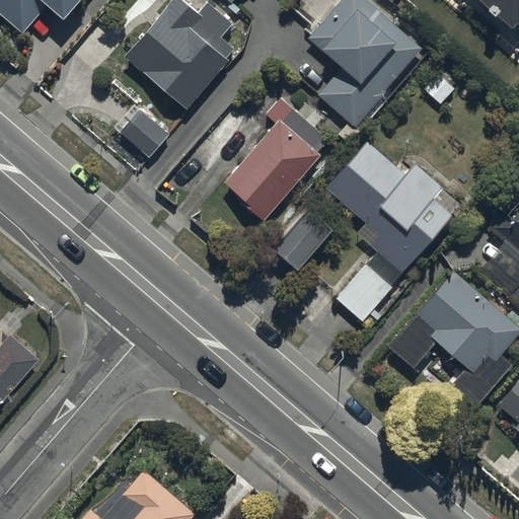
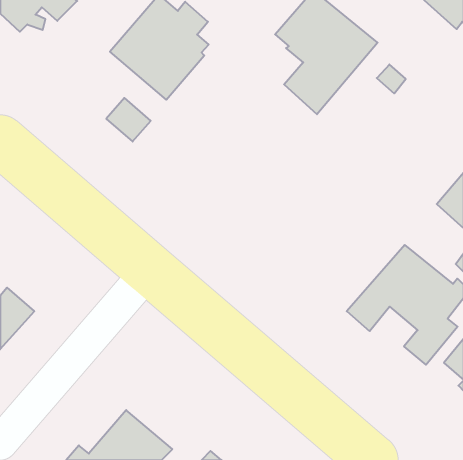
building: [223,96,327,222] -> none
building: [326,143,461,272] -> none
building: [273,211,333,275] -> none
building: [333,262,392,322] -> none

